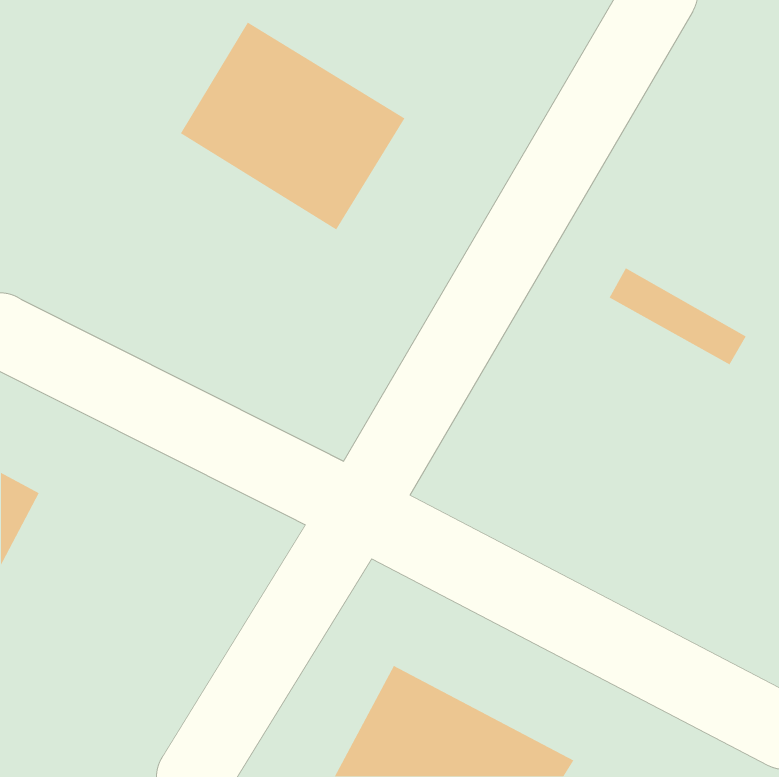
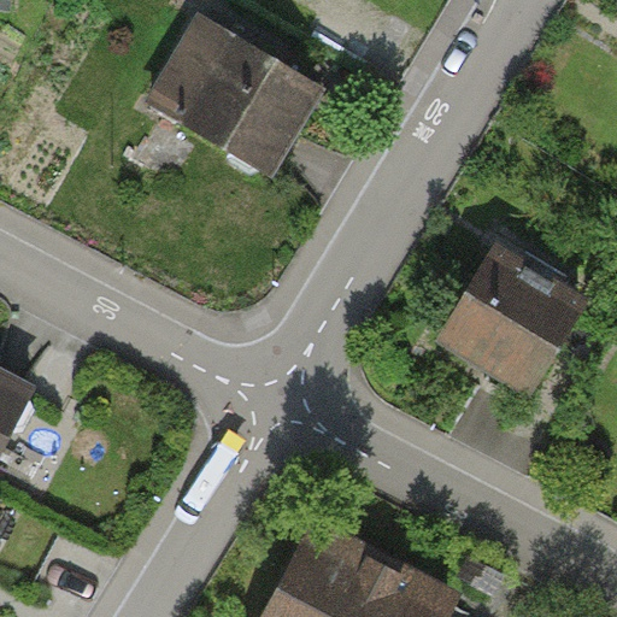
building: none -> [434,253,582,398]

